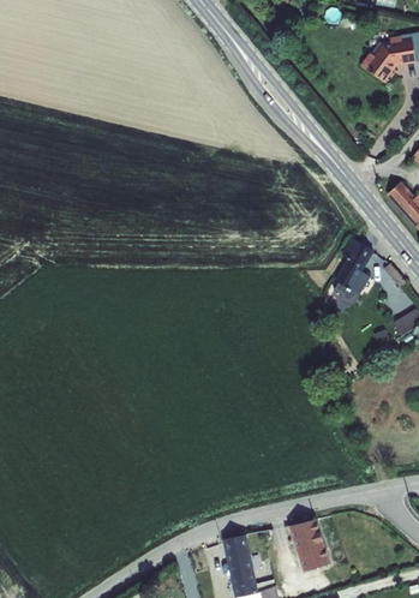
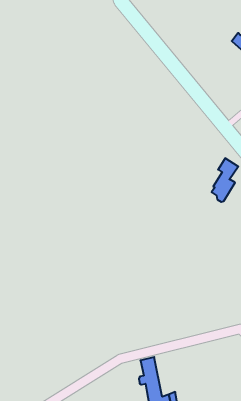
building: [291,515,334,567] -> none

